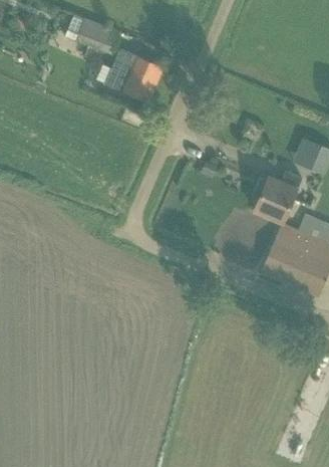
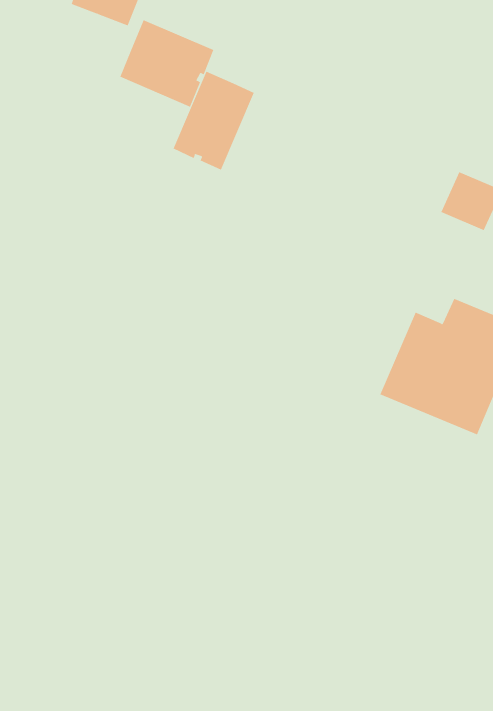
building: none -> [173,71,255,171]
building: [254,170,302,222] -> none

